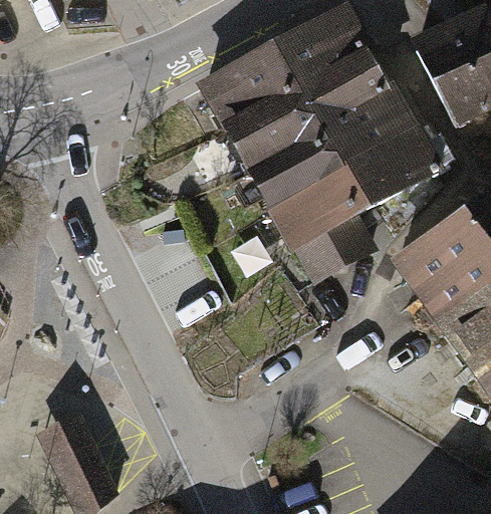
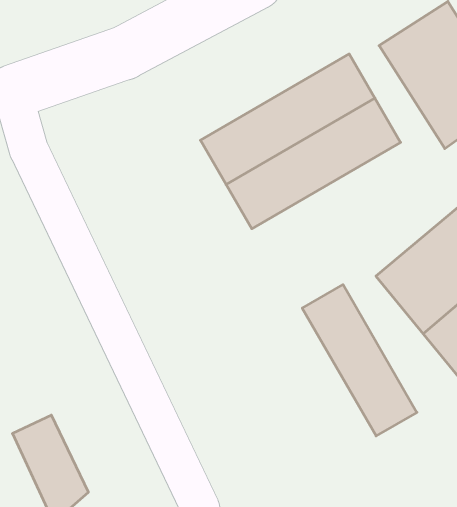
building: [201,10,372,138] -> none
building: [276,140,447,267] -> none
building: none -> [302,285,417,436]

